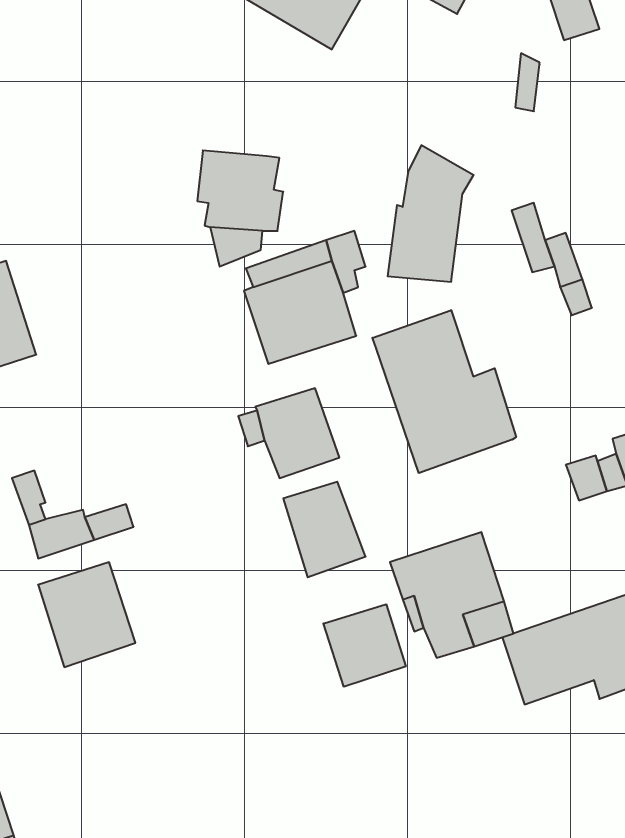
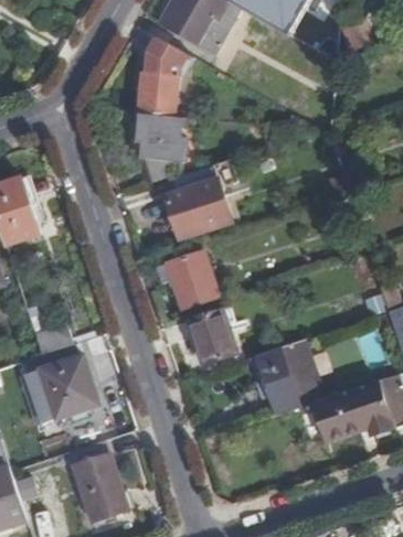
building: [388,145,474,282] -> [138,37,189,118]
building: [372,310,516,473] -> none
building: [323,604,406,687] -> none
building: none -> [68,438,125,515]

